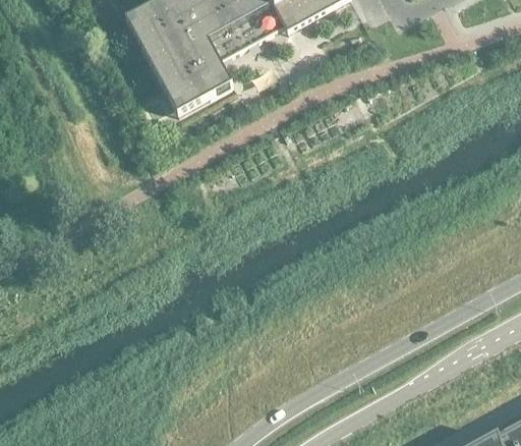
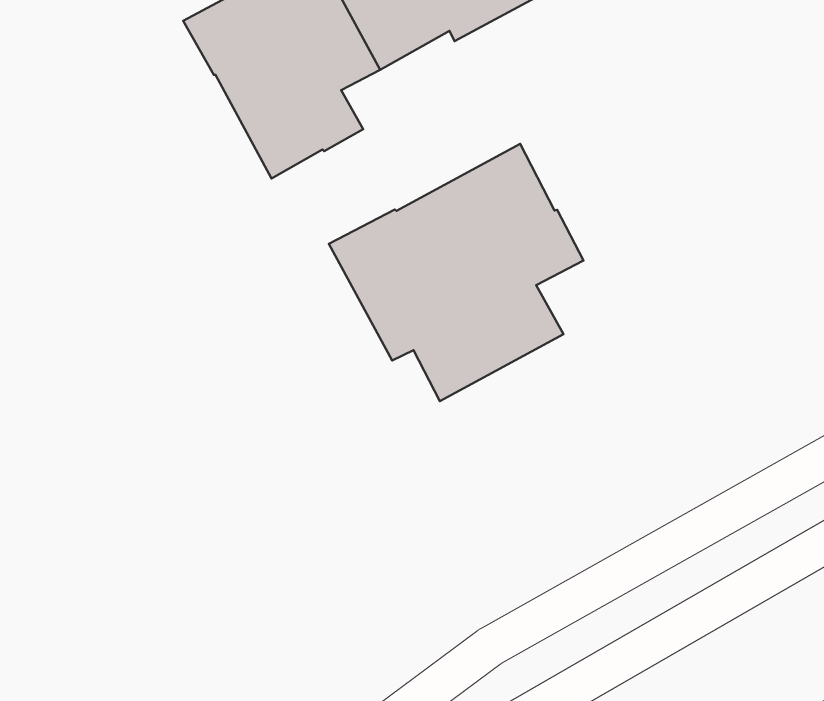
building: none -> [329,144,584,401]

